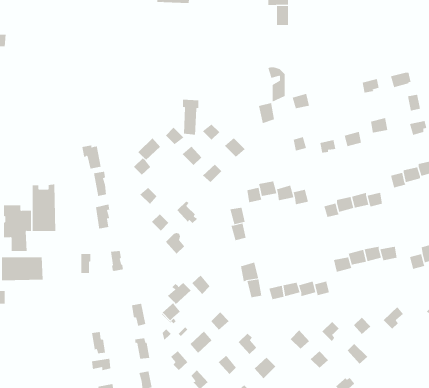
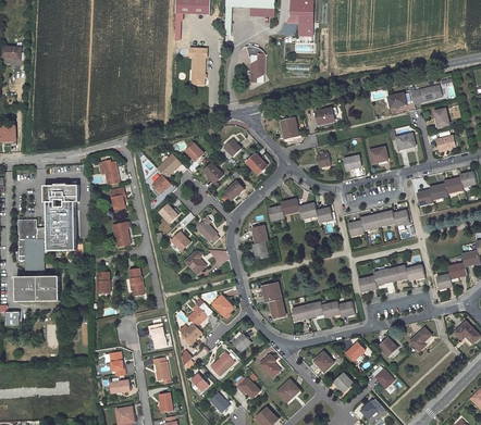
building: [268,67,286,103] -> [246,48,264,85]
building: [182,99,199,135] -> [190,48,208,85]
building: none -> [45,185,79,207]

